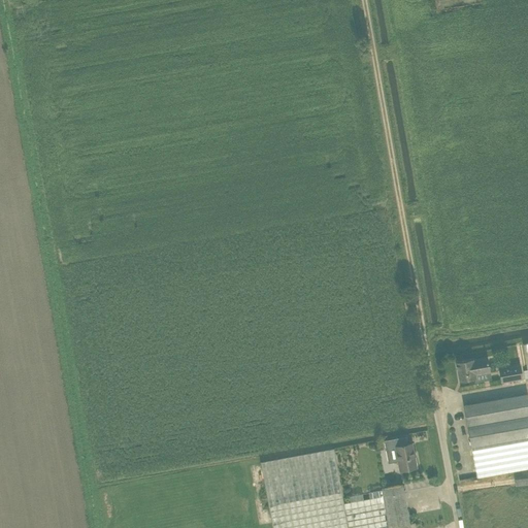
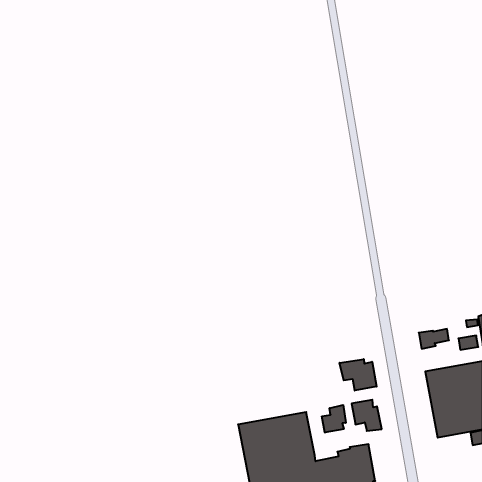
building: none -> [340,359,377,391]
building: none -> [322,405,346,433]

